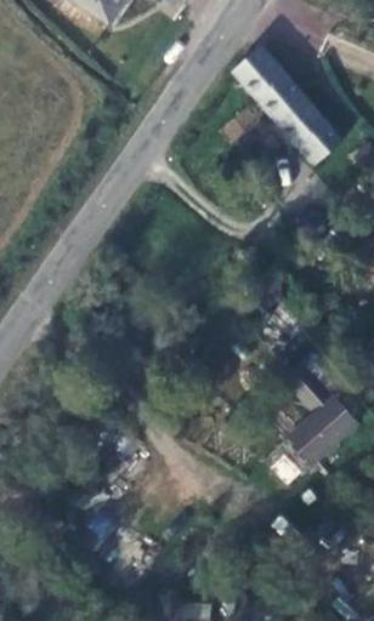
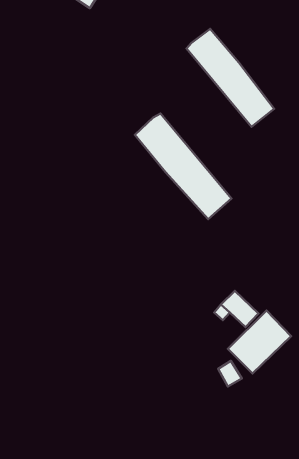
building: none -> [135,114,231,219]

